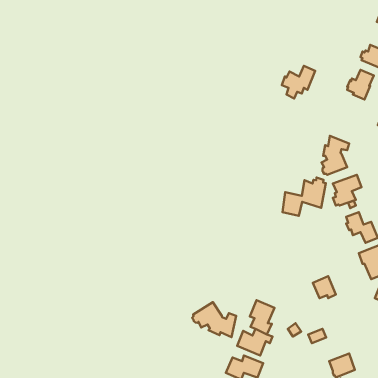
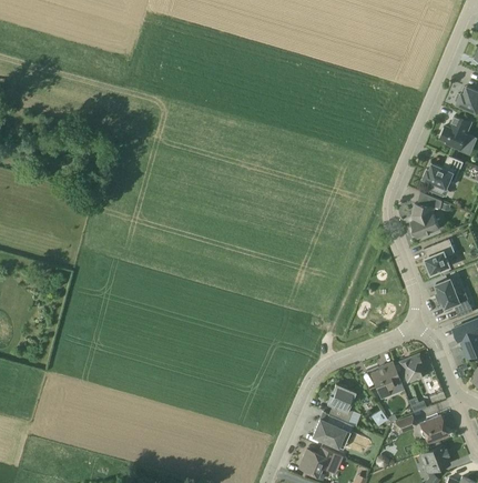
building: [282,66,315,98] -> [424,157,462,194]
building: [282,177,326,216] -> none
building: none -> [370,362,400,392]
building: [192,302,236,337] -> none
building: none -> [419,415,448,443]

